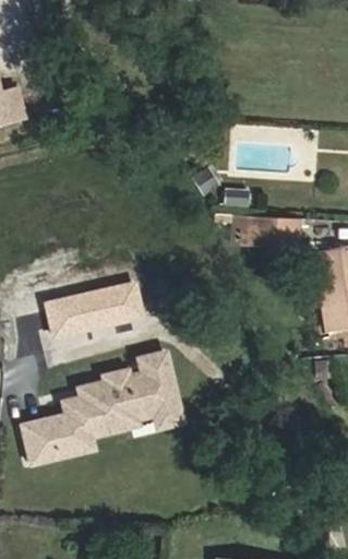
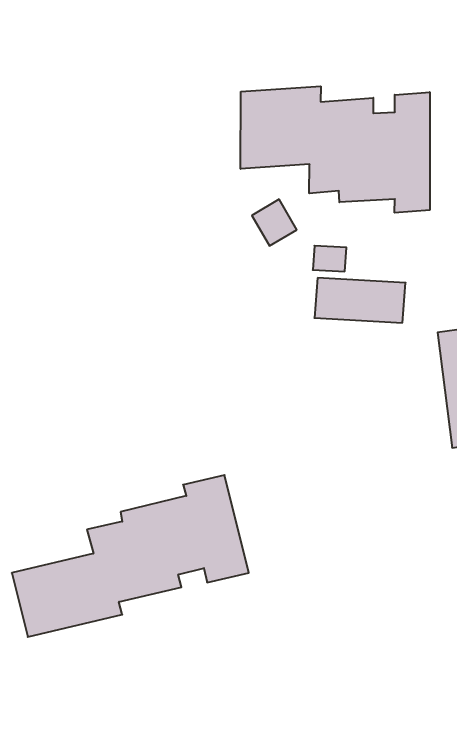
building: none -> [241,86,430,213]
building: [48,280,147,336] -> none

